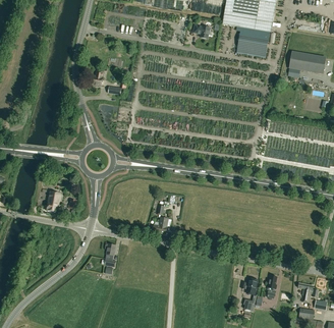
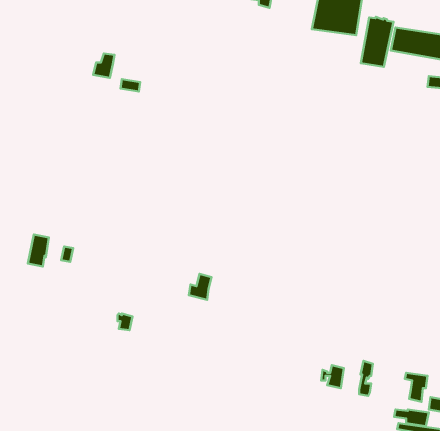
building: none -> [361,17,394,67]

